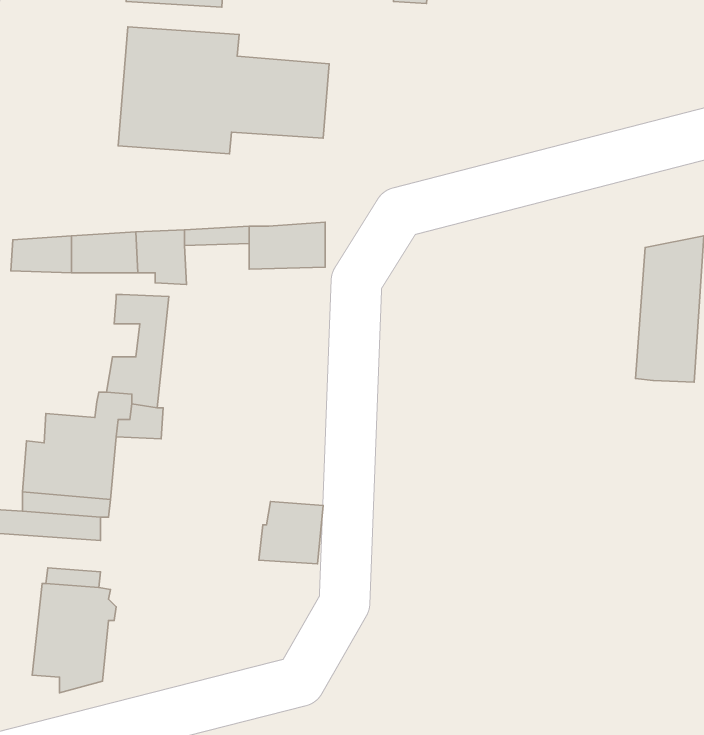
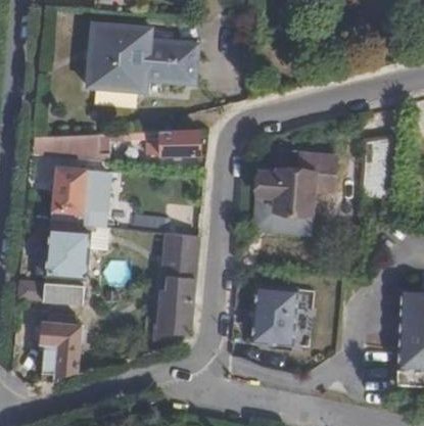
building: none -> [251,154,333,236]
building: none -> [52,167,100,223]
building: none -> [164,231,198,287]
building: none -> [251,284,297,343]
building: none -> [158,305,193,346]

